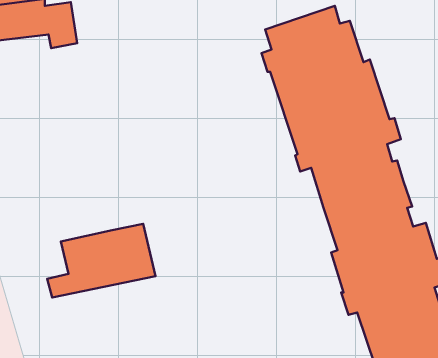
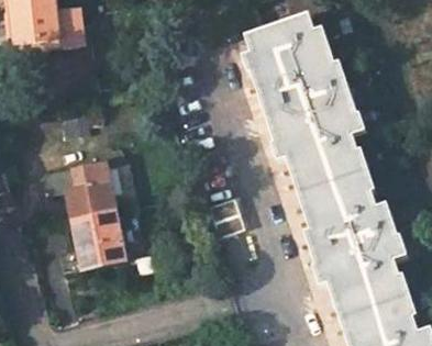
building: none -> [37,161,112,220]

